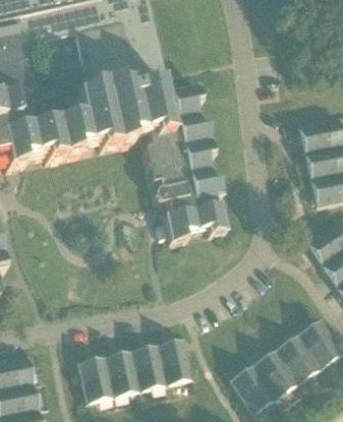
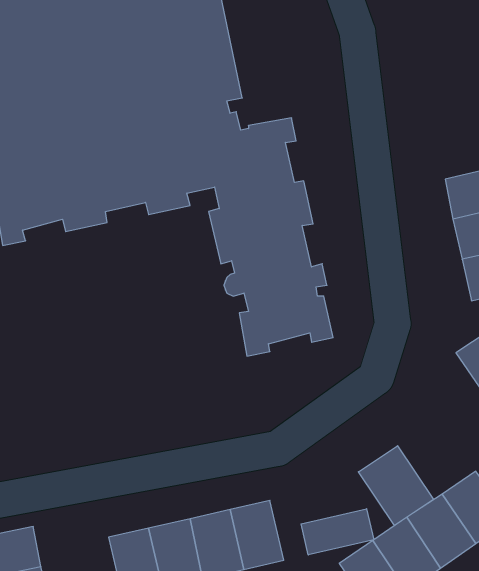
building: none -> [358,446,433,526]
building: none -> [301,509,374,555]

